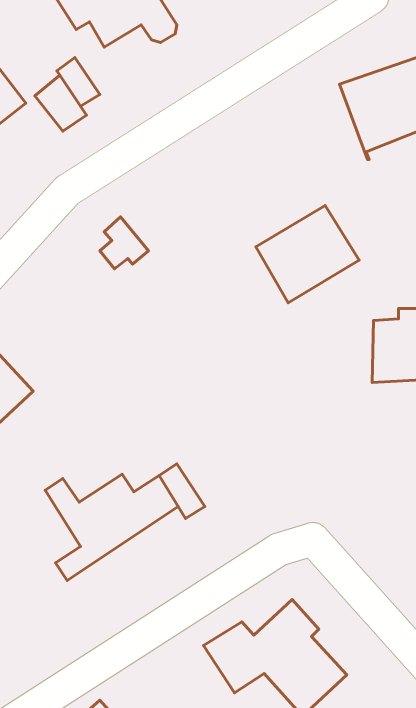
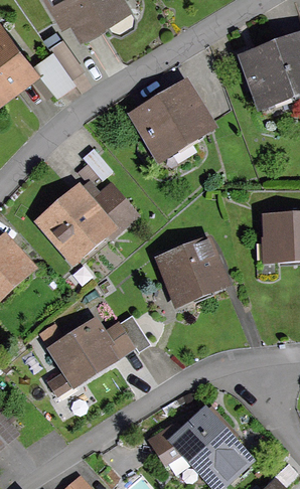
building: [256,205,359,303] -> [136,90,206,156]
building: none -> [44,187,130,257]
building: none -> [159,242,222,304]

